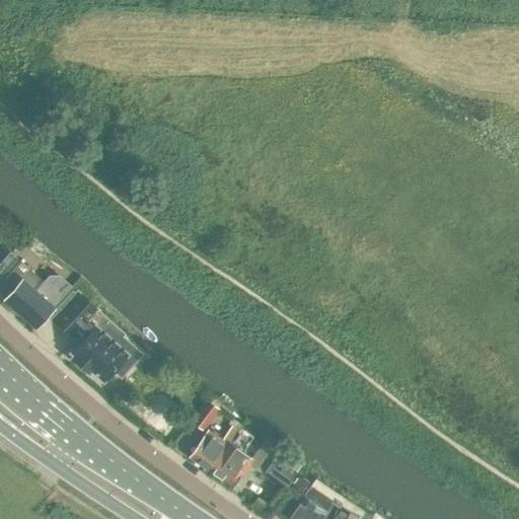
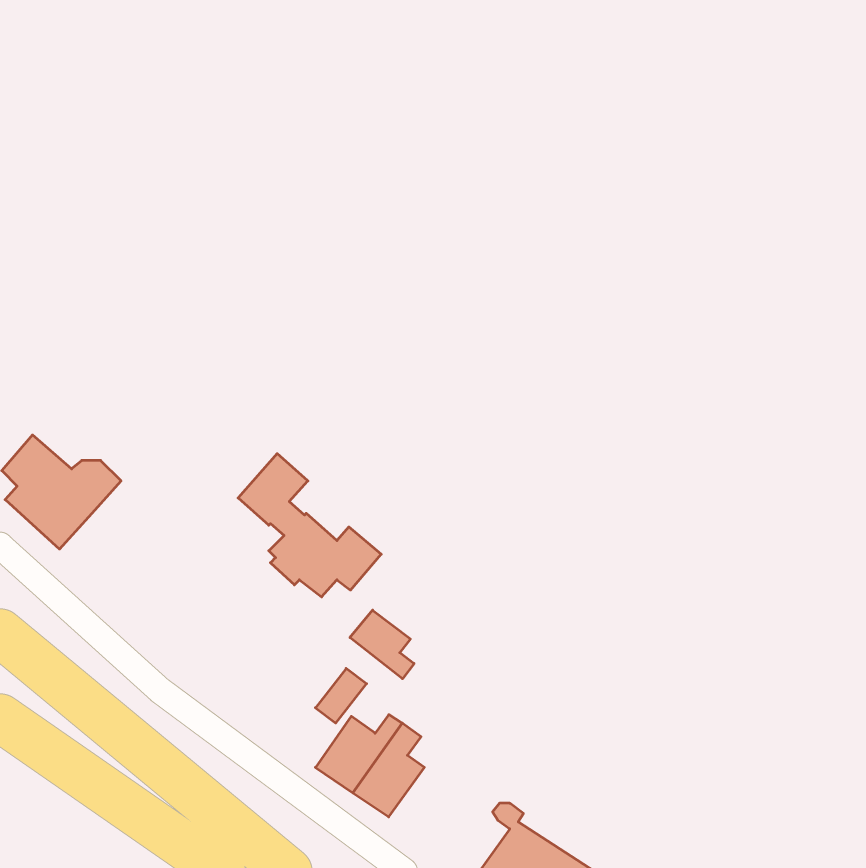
building: [57,294,142,379] -> [238,454,381,597]
building: none -> [350,610,414,679]
building: [265,457,299,491] -> none

